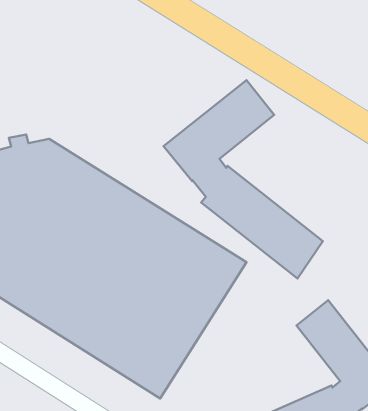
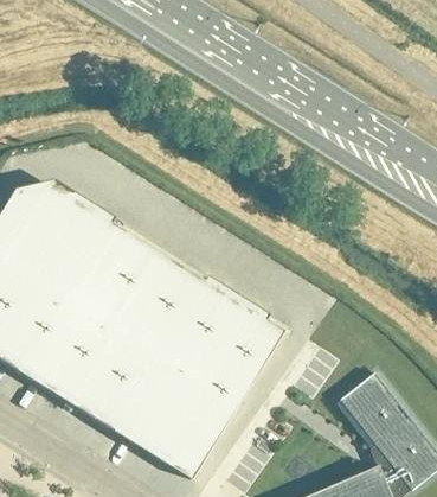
building: [163,80,323,278] -> none

